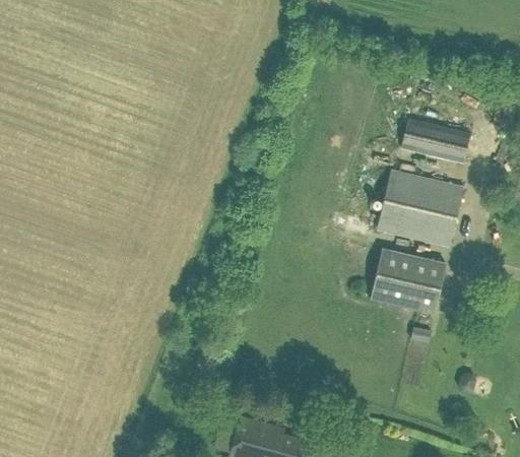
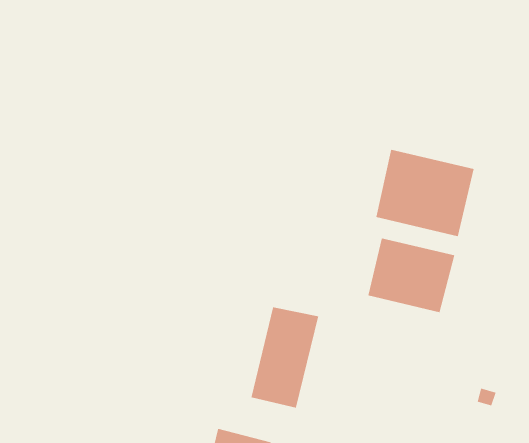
building: [401,117,470,161] -> none
building: none -> [251,306,319,409]

